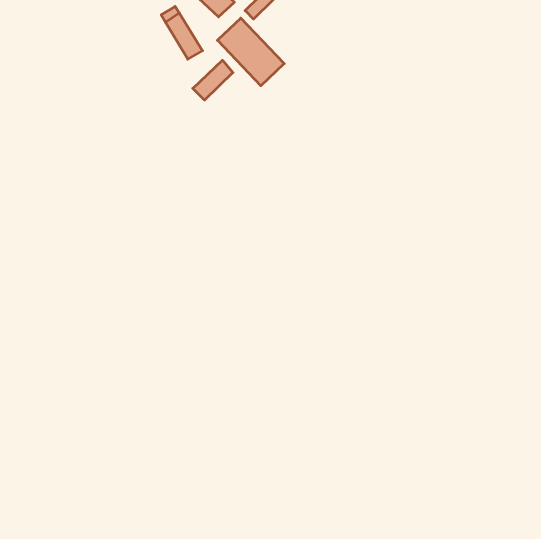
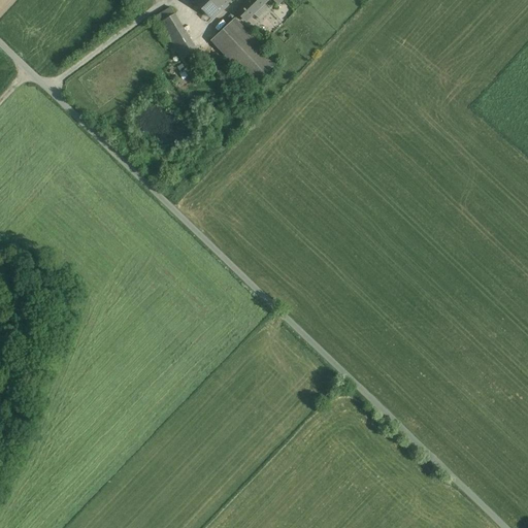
building: [193,60,233,100] -> none

